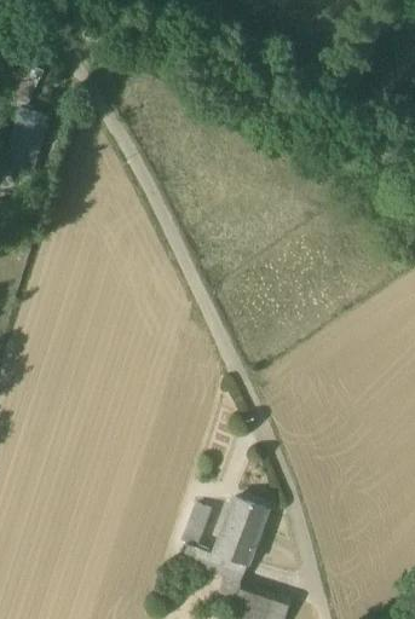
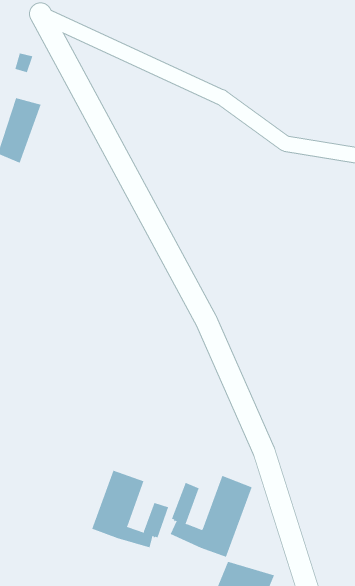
building: none -> [91,470,169,548]

